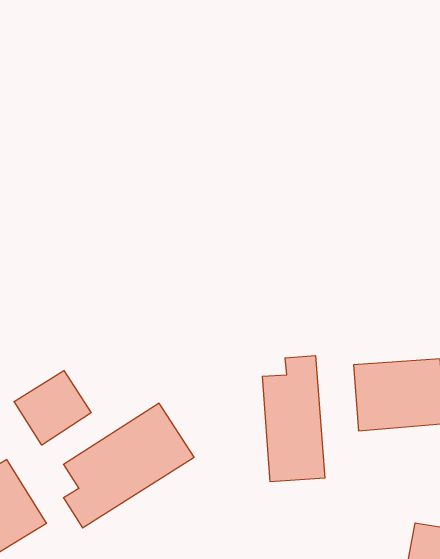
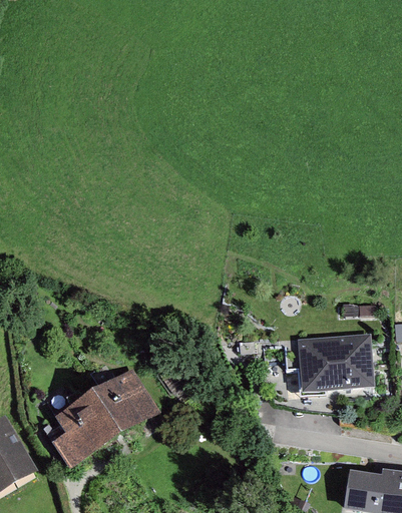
building: [262,356,325,482] -> none
building: [14,371,91,445] -> none

